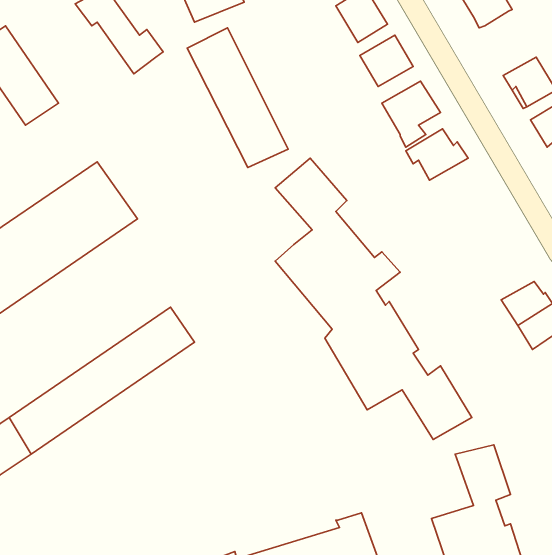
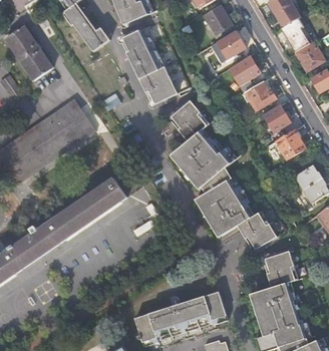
building: none -> [279,17,306,43]
building: none -> [262,104,289,131]
building: none -> [274,128,304,158]

